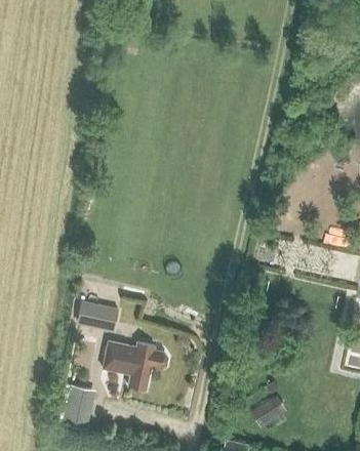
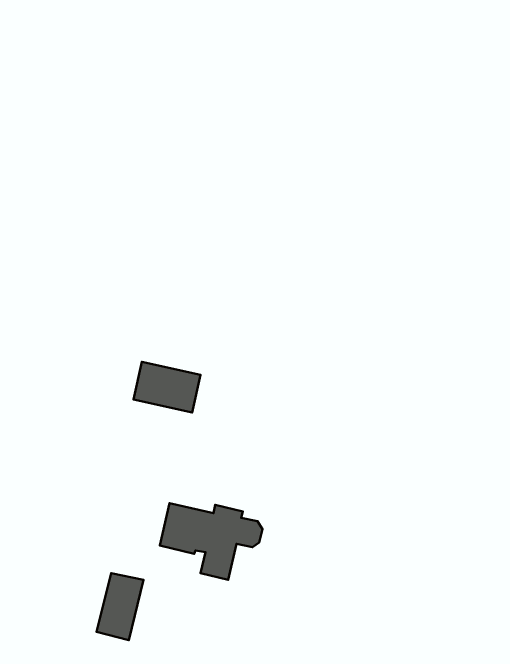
building: [77,301,119,333] -> [134,362,200,412]
building: [252,396,288,428] -> none

